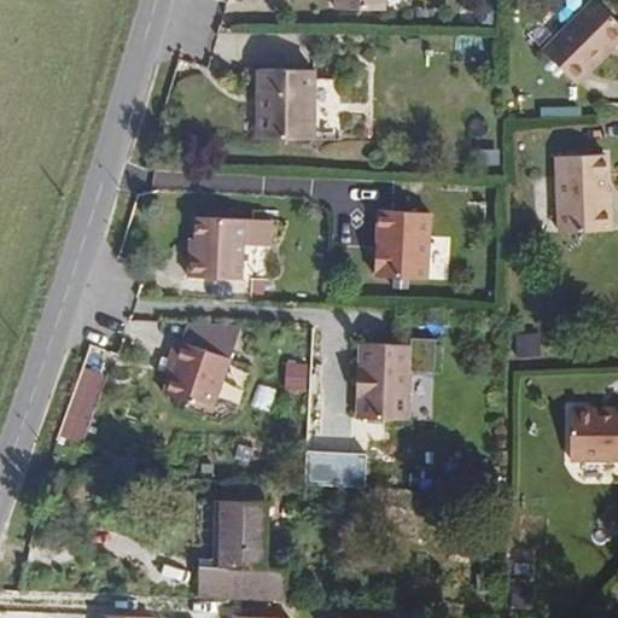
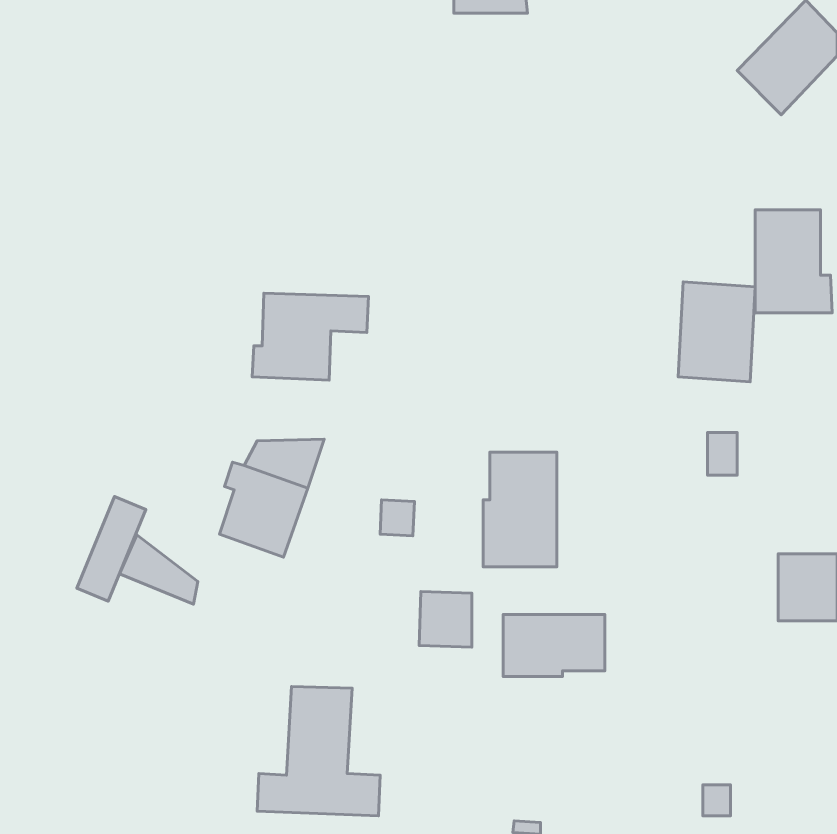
building: [256,71,314,140] -> none
building: [374,209,431,282] -> [678,282,755,382]
building: none -> [119,535,198,604]
building: none -> [503,614,605,676]

